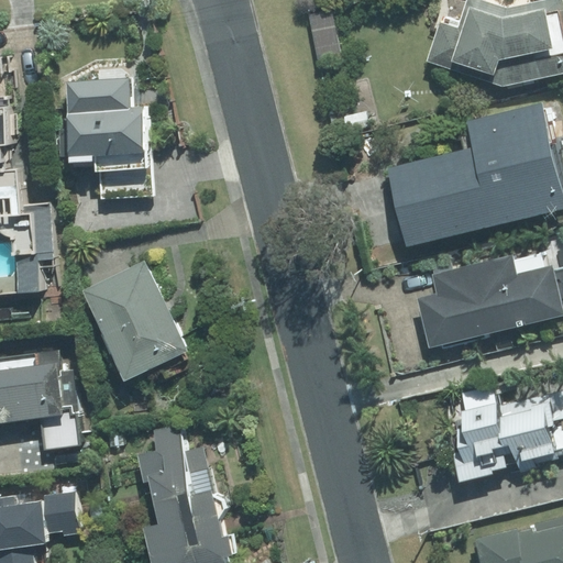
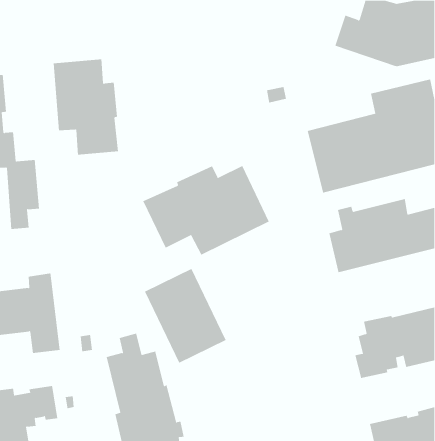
building: none -> [143,165,270,255]
building: [84,260,188,380] -> [144,268,227,363]

